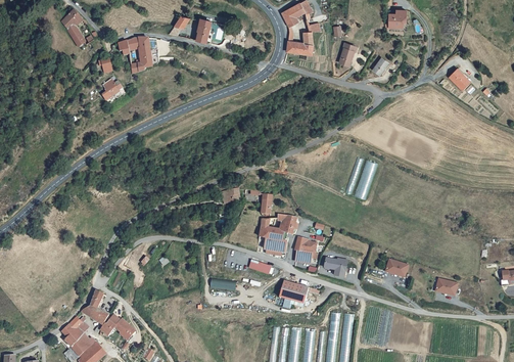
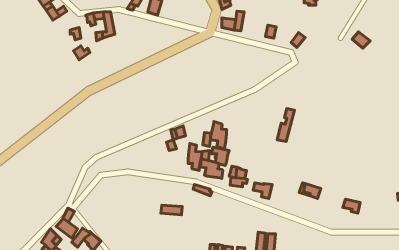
building: none -> [211,122,227,149]
building: none -> [188,144,202,171]
building: [279,277,309,301] -> none

